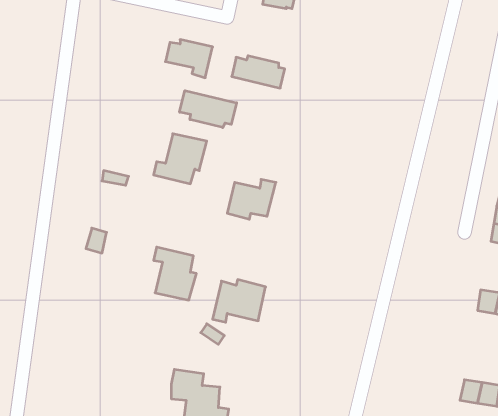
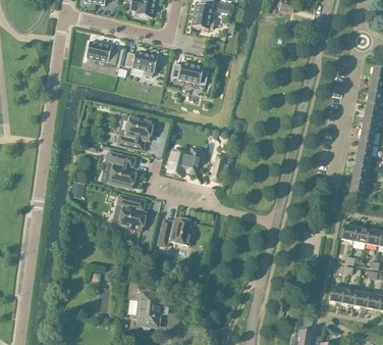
building: none -> [87,41,118,63]
building: [180,91,237,128] -> none
building: none -> [108,151,136,188]

